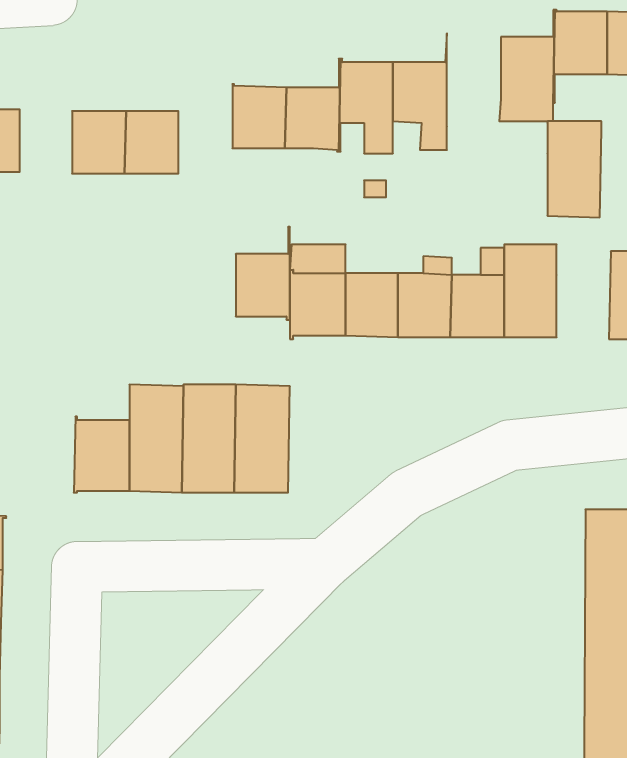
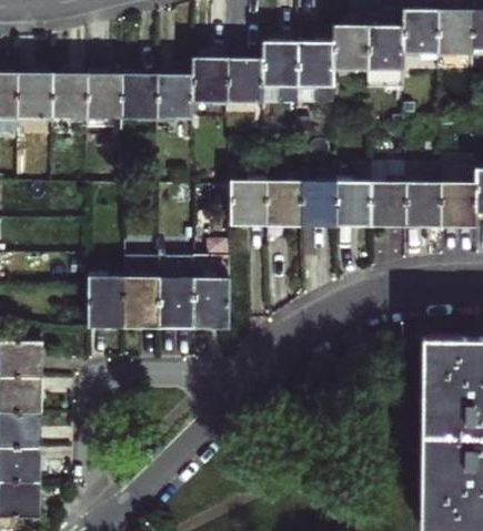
building: none -> [332,25,368,69]
building: none -> [51,75,85,118]
building: [547,121,601,217] -> [404,163,440,226]
building: [236,227,290,320] -> [155,59,191,120]

